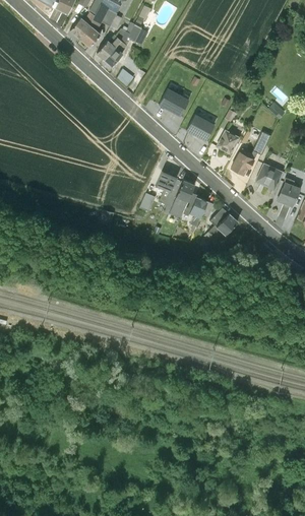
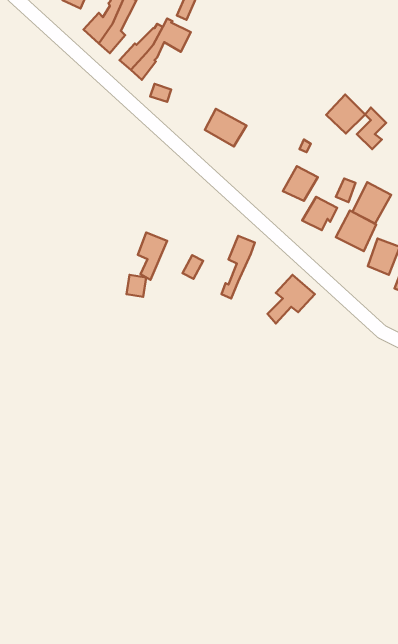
building: none -> [326,95,365,133]
building: [186,113,216,140] -> none
building: none -> [352,182,391,223]
building: [157,171,178,205] -> [138,233,167,280]
building: [183,193,208,234] -> none

